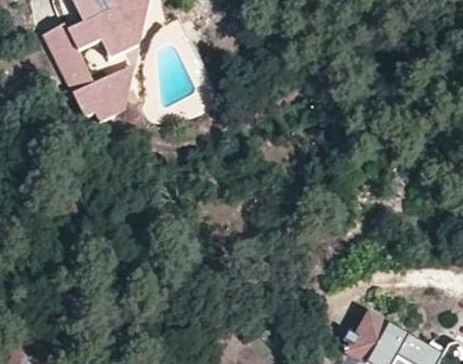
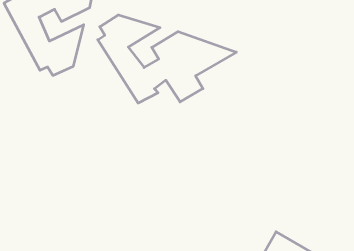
building: none -> [98,15,236,103]

